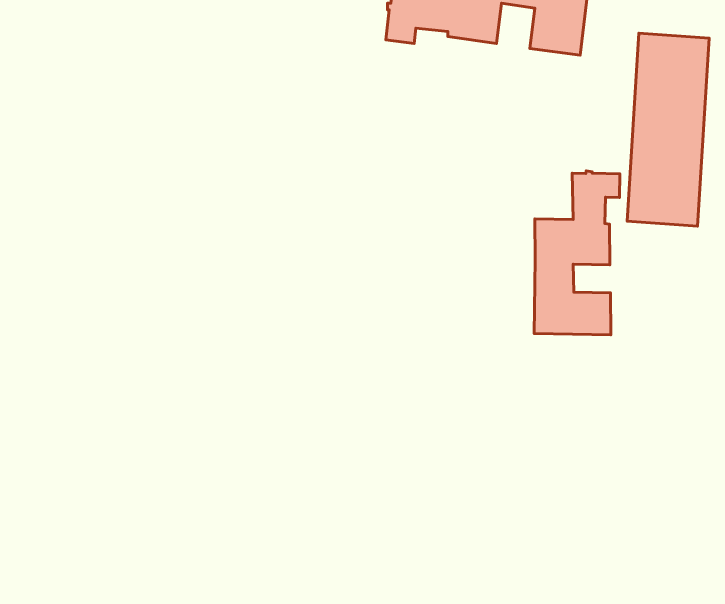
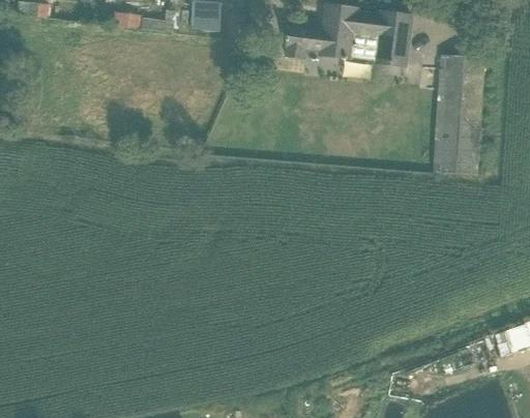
building: [534,171,620,335] -> none

